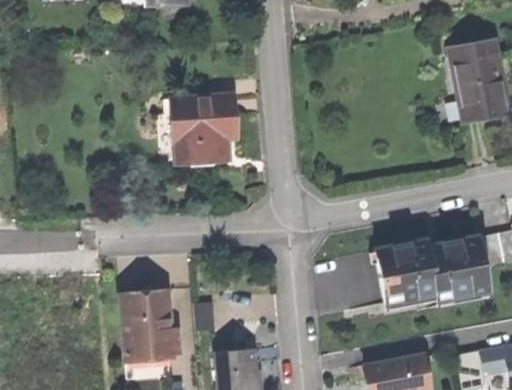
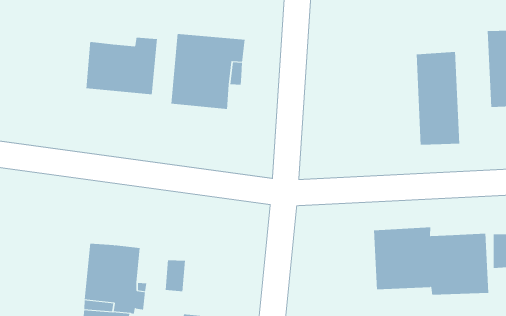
building: none -> [416,51,460,145]
building: none -> [86,37,157,95]

